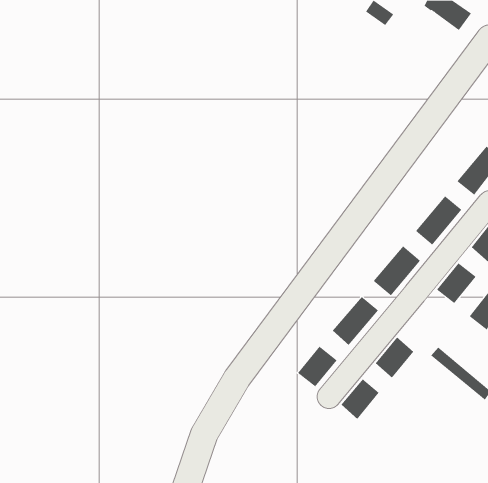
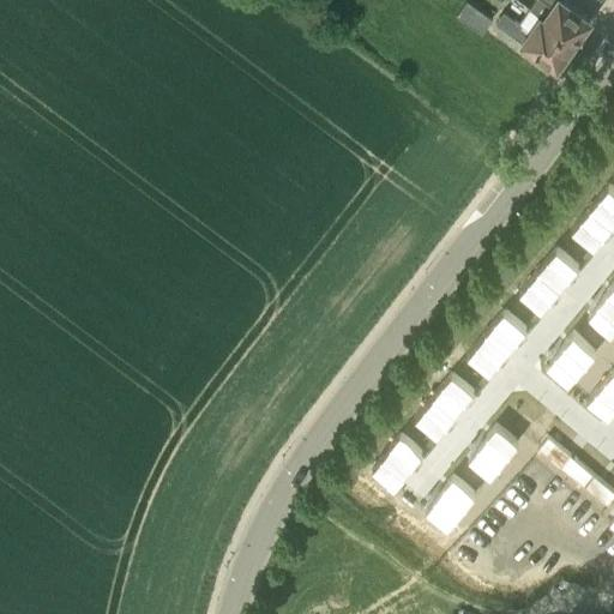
building: none -> [498,16,577,73]

